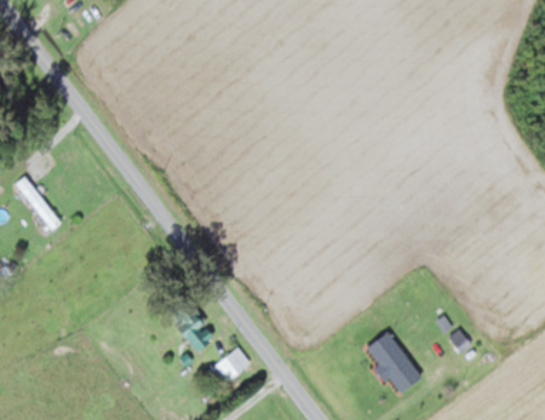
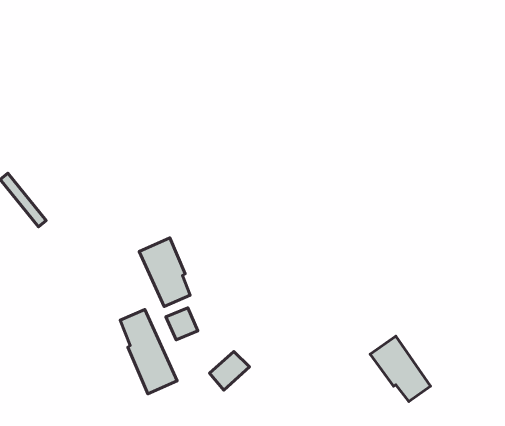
building: none -> [139,238,190,307]
building: none -> [120,309,177,394]

